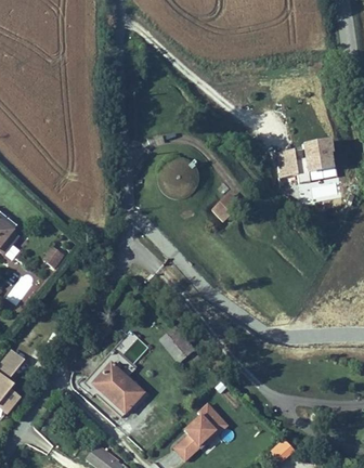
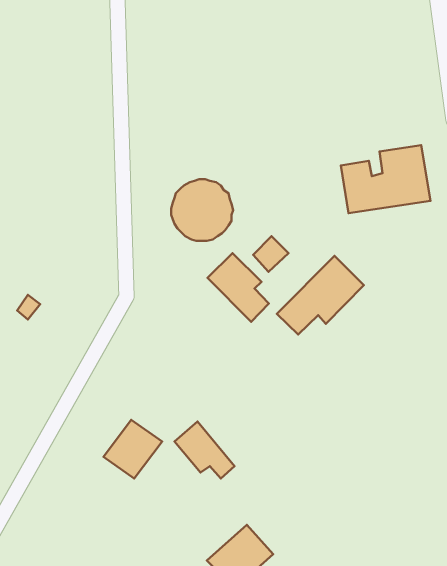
building: none -> [208,253,269,322]
building: none -> [277,256,364,334]
building: [82,358,146,417] -> none

